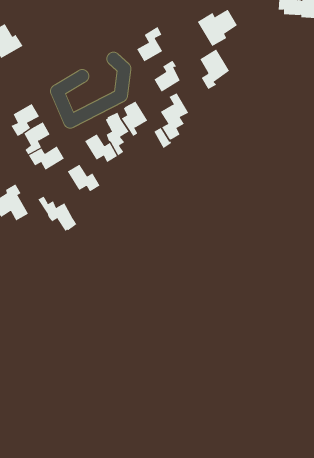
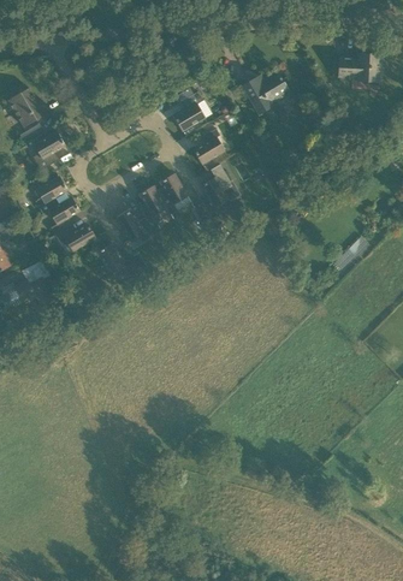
building: [200,49,230,90] -> none
building: none -> [32,131,65,170]
building: [38,196,77,232] -> none

